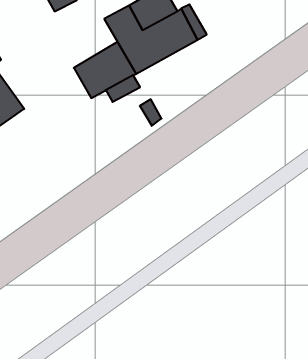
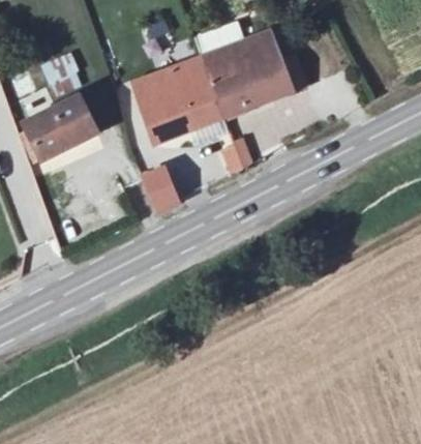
building: none -> [139,55,208,143]
building: none -> [143,166,178,210]

